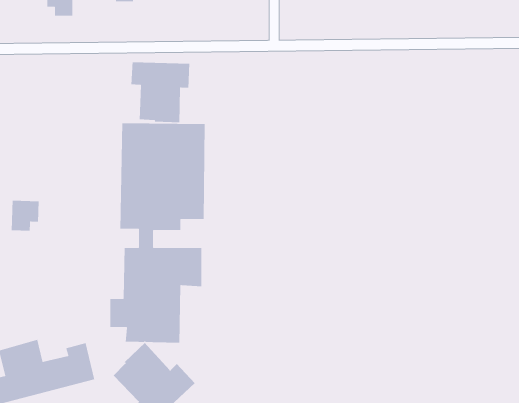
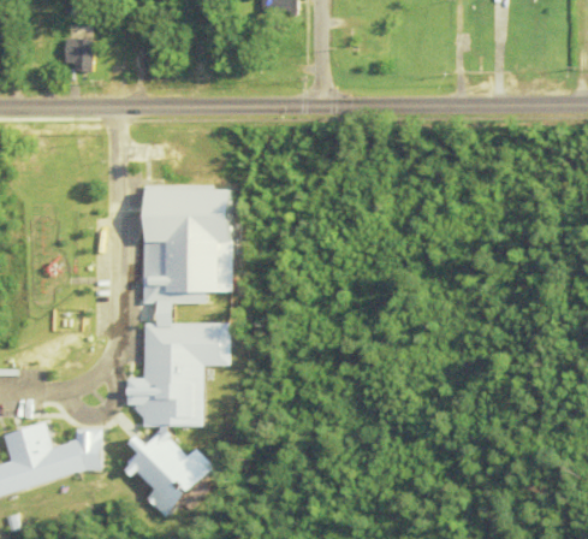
building: [130,62,190,123] -> none
building: [11,200,39,231] -> none

